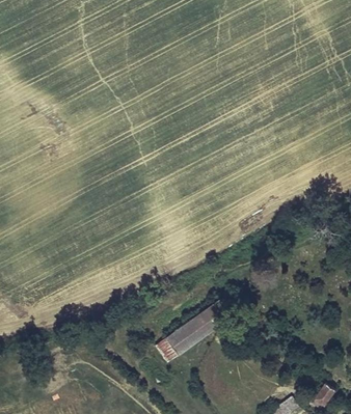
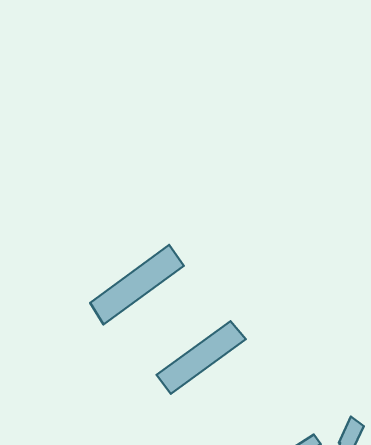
building: none -> [90,245,184,325]

